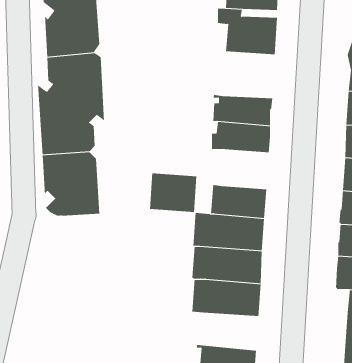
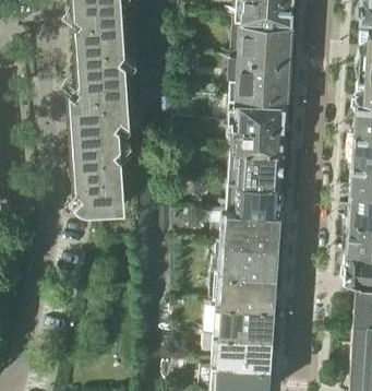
building: none -> [231,60,289,102]
building: [149,173,197,213] -> [239,152,284,189]
building: none -> [205,304,274,340]

